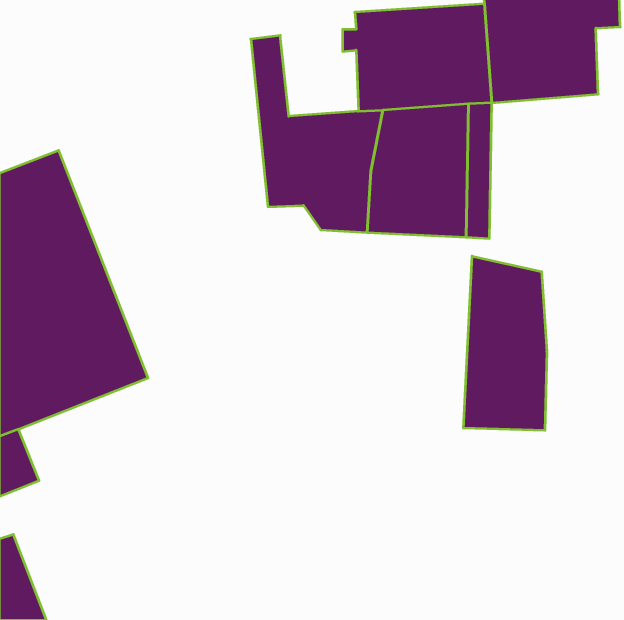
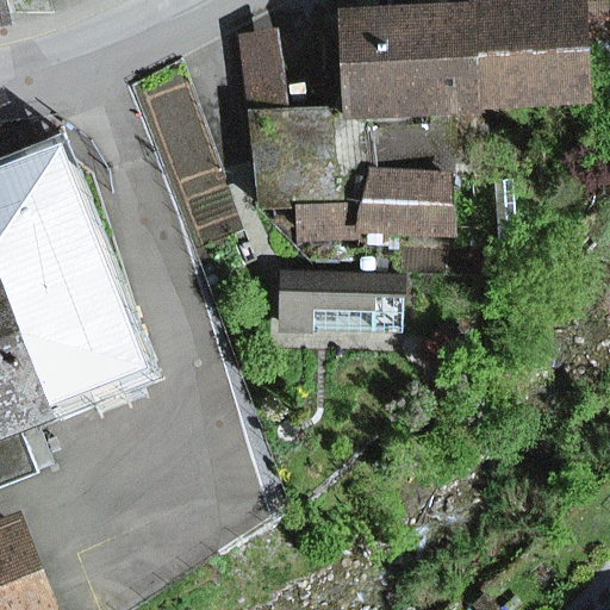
building: [463,256,547,430] -> none
building: none -> [284,270,404,325]

